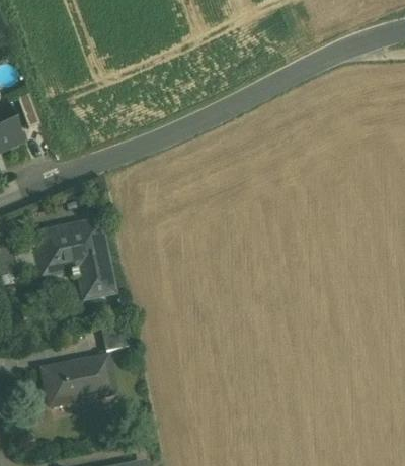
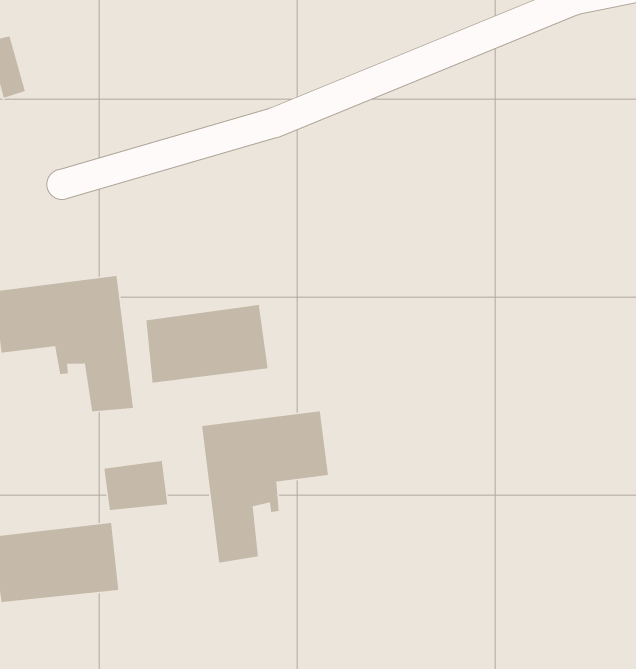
building: none -> [145,304,268,383]
building: none -> [201,410,329,564]

